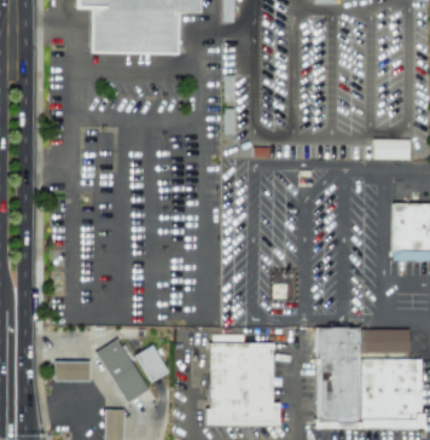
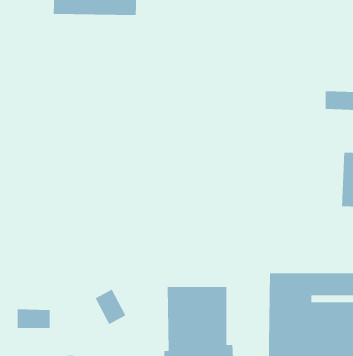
building: [98,341,151,407] -> none

